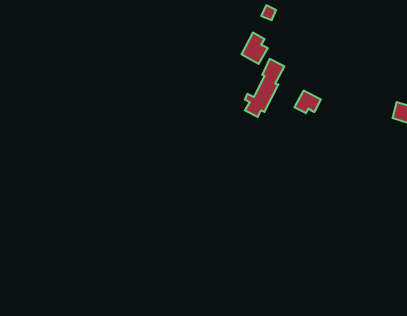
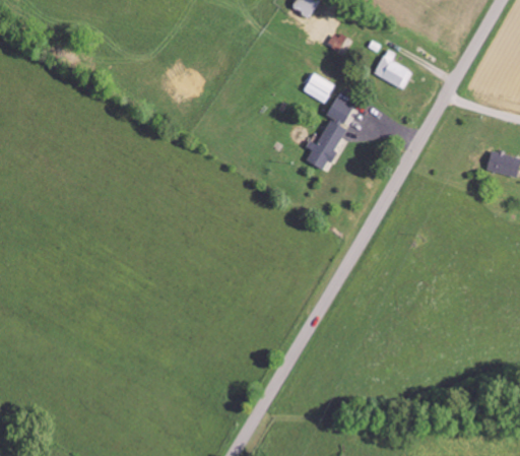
building: none -> [374,49,409,87]
building: [294,90,321,113] -> none

